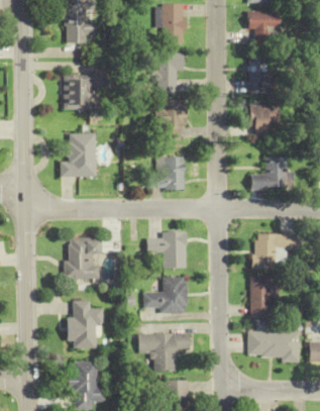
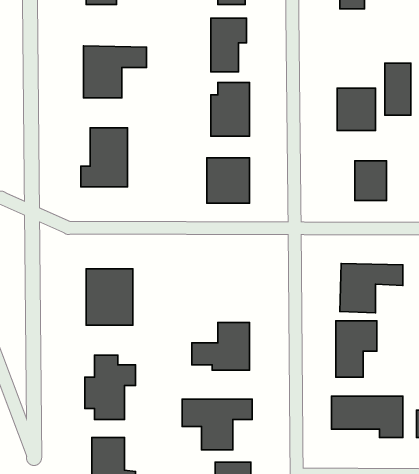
building: [250,56,270,94] -> [385,63,411,115]
building: [147,231,187,268] -> none

